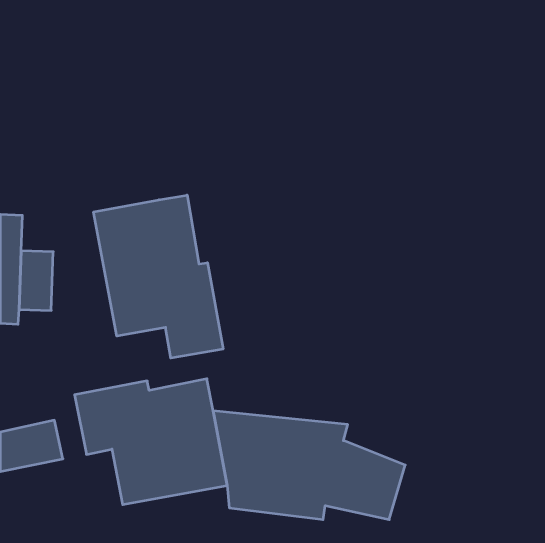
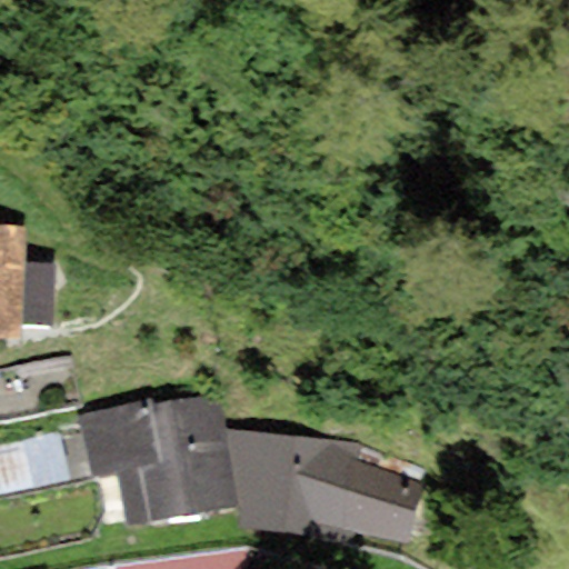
building: [94,195,223,358] -> none

